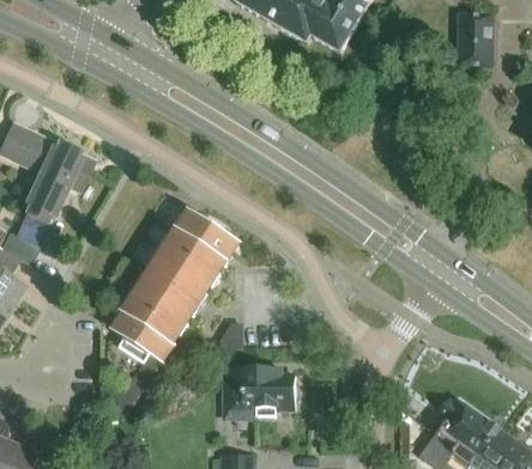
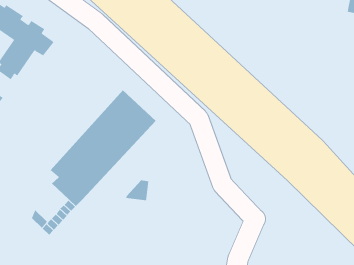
building: [224,366,296,418] -> none

